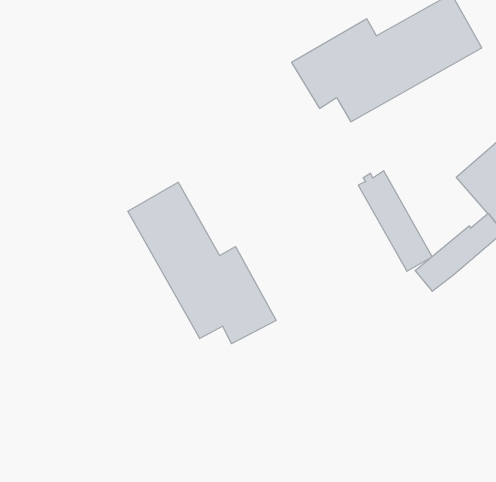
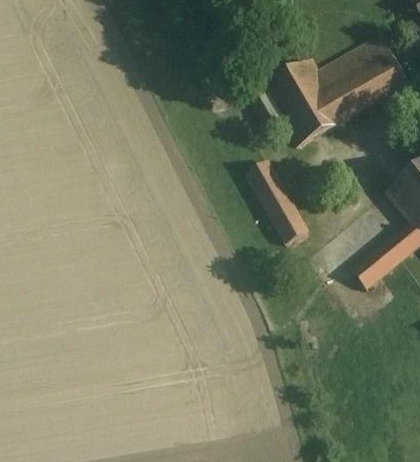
building: [358,171,432,271] -> [246,158,308,242]
building: [128,182,276,344] -> none

